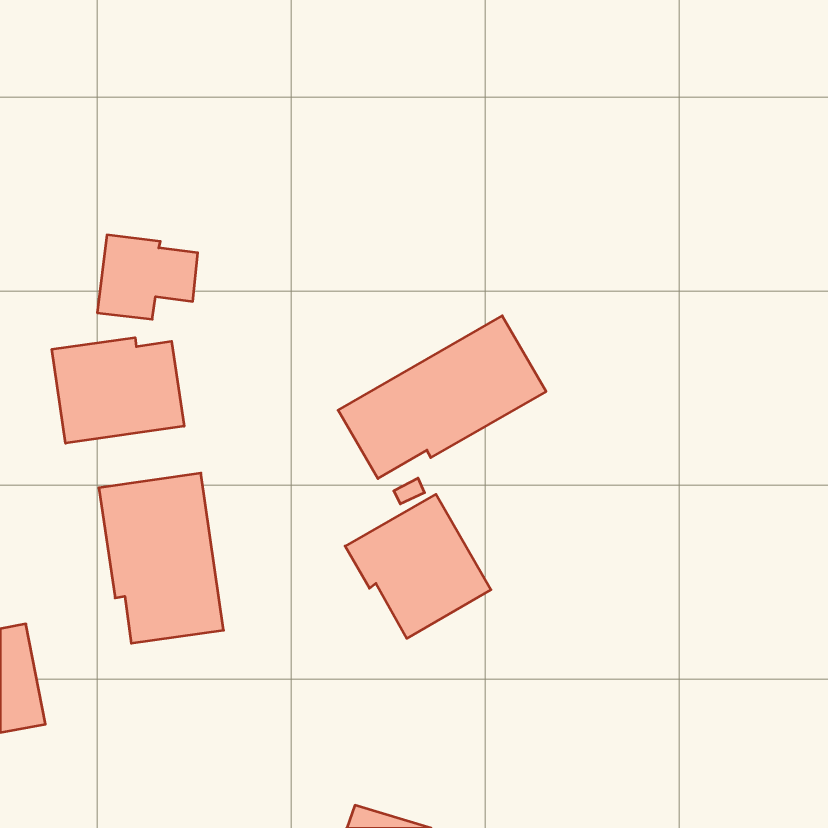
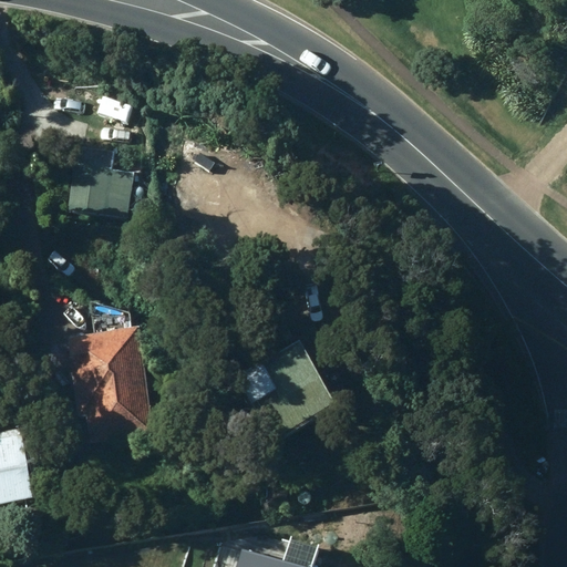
building: [338,316,546,479] -> none
building: [52,338,184,443] -> none

